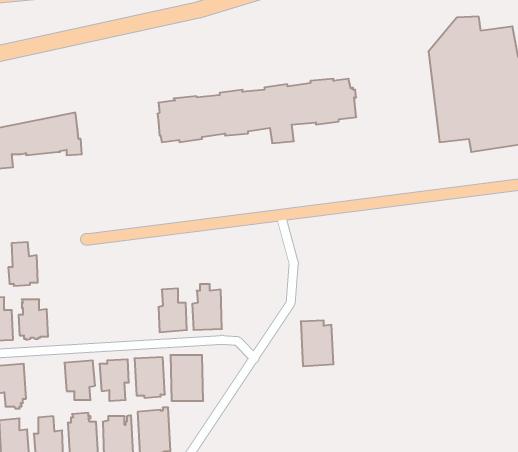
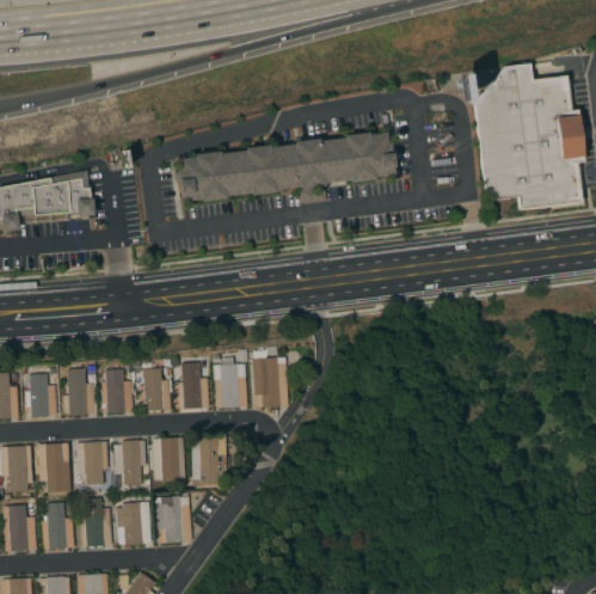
building: [8,242,38,286] -> [63,368,96,416]
building: none -> [102,368,134,414]
building: none -> [140,368,171,411]
building: [301,320,334,366] -> [253,357,289,408]
building: none -> [37,442,70,492]

